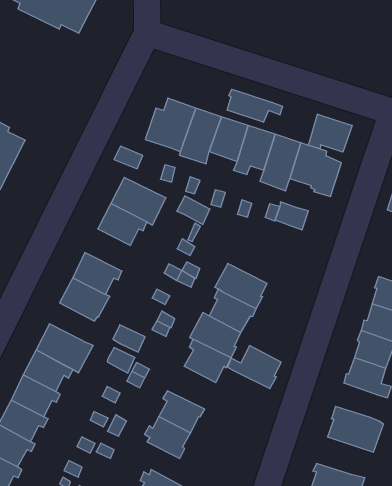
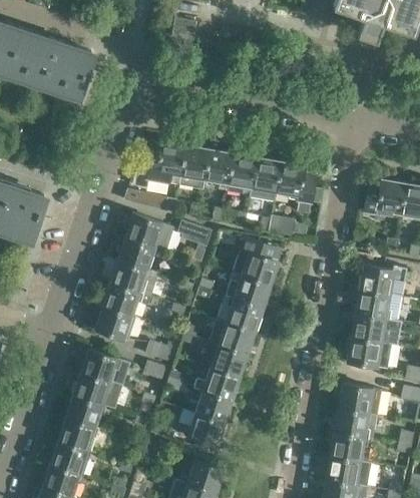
building: [227,89,283,122] -> none
building: [308,114,352,152] -> none
building: none -> [233,237,279,288]
building: none -> [109,263,151,296]
building: [227,346,281,389] -> [192,369,238,403]
building: none -> [334,411,381,441]

